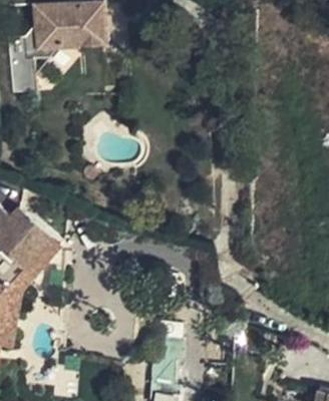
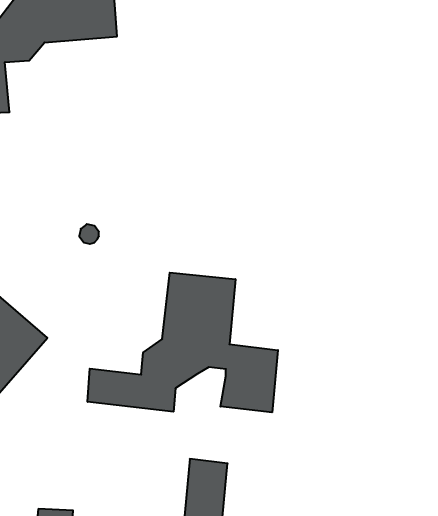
building: none -> [88,273,278,412]

